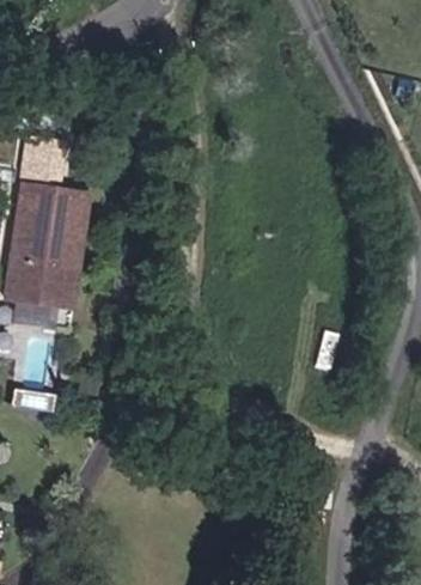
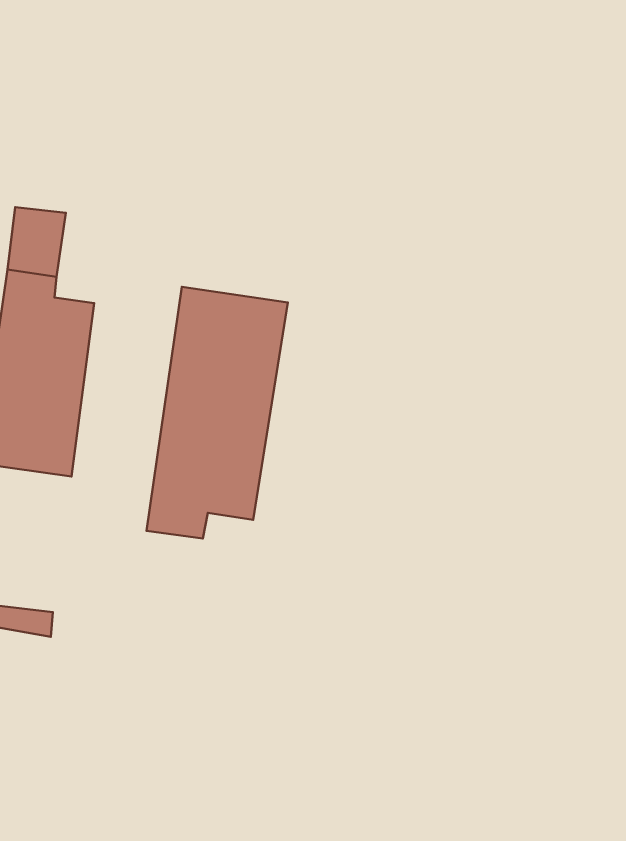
building: none -> [146,287,288,539]

